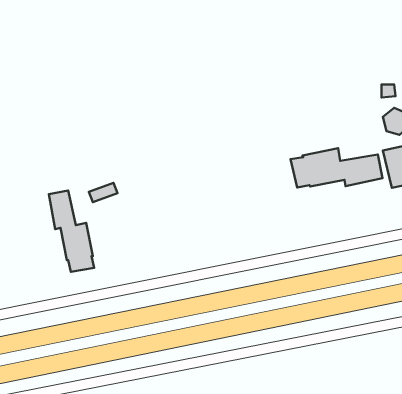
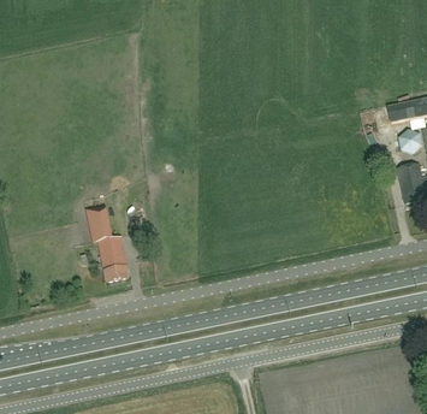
building: [290,148,383,187] -> none

